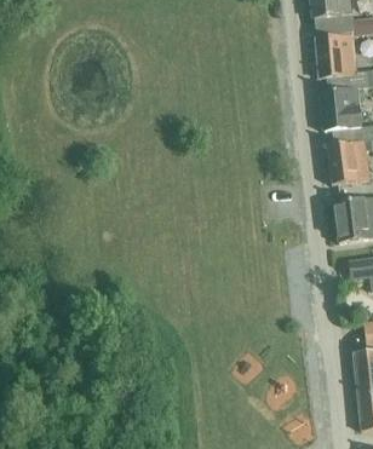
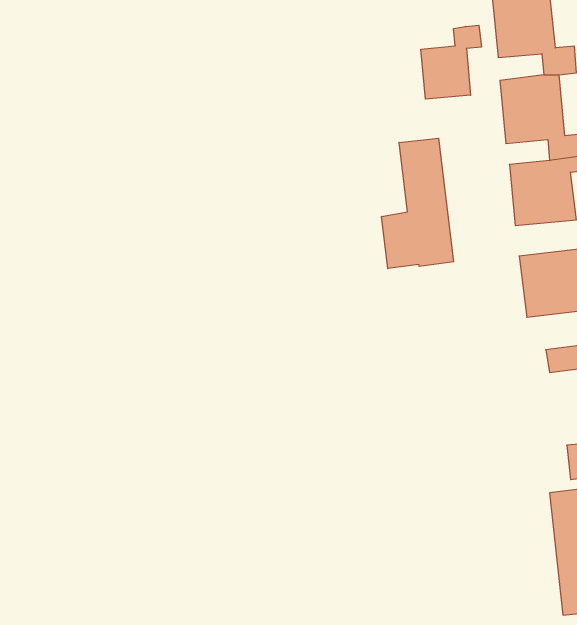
building: none -> [421,25,481,99]
building: none -> [382,138,454,269]

